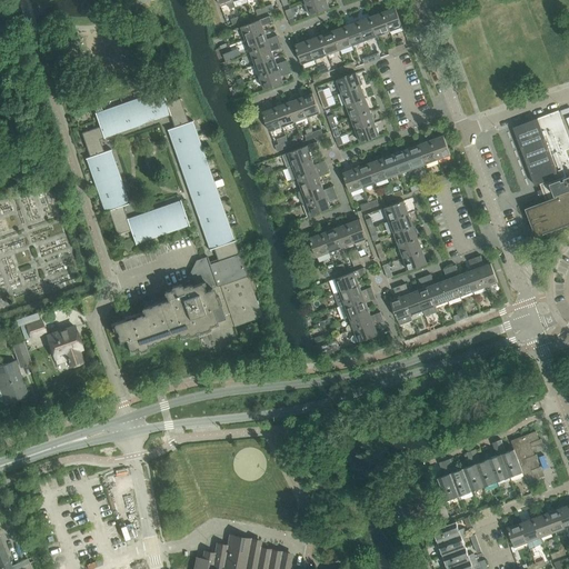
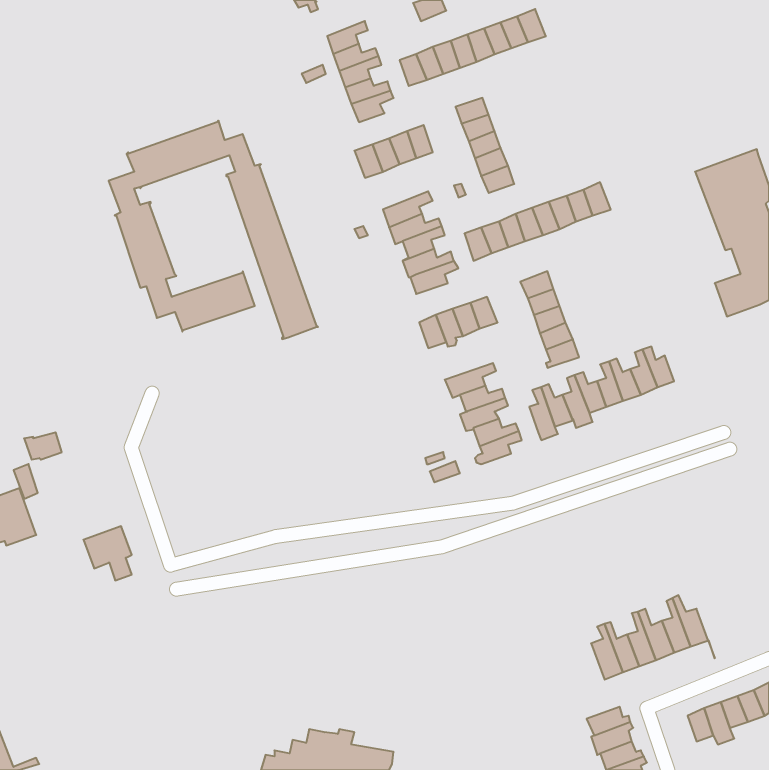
building: [110,241,259,353] -> none
building: [46,327,81,367] -> [83,526,132,580]
building: [510,431,543,486] -> none

